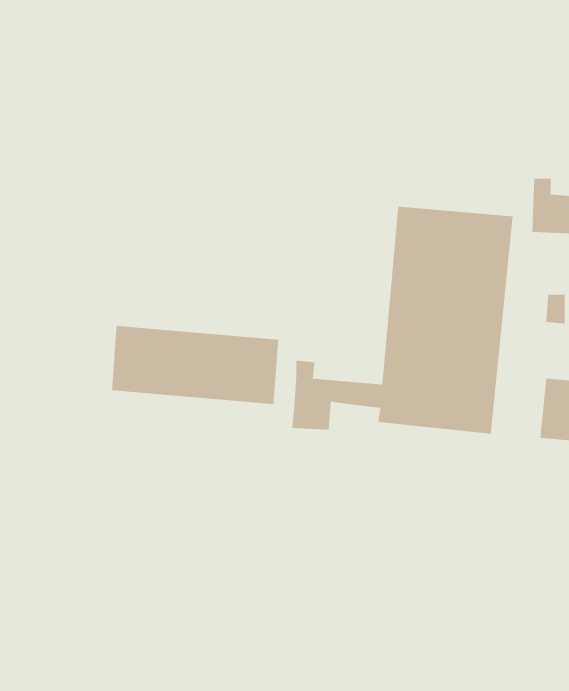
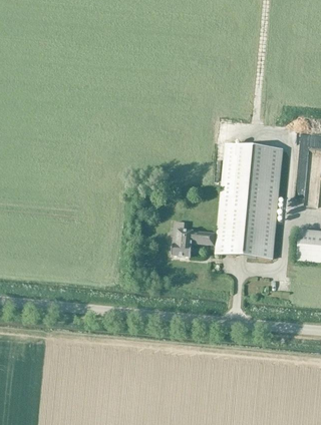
building: [111,325,279,405] -> none

